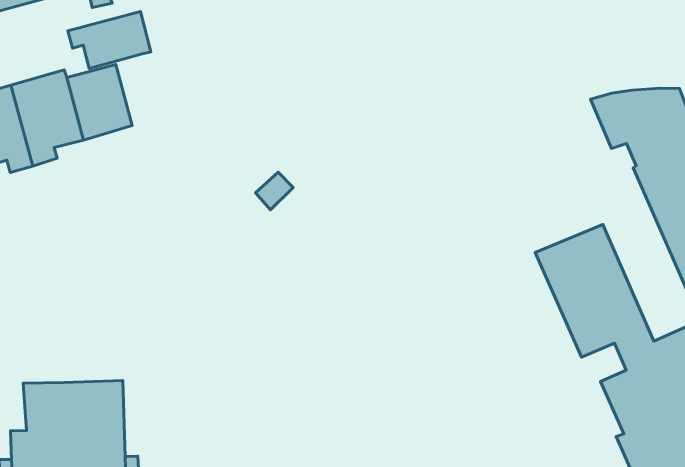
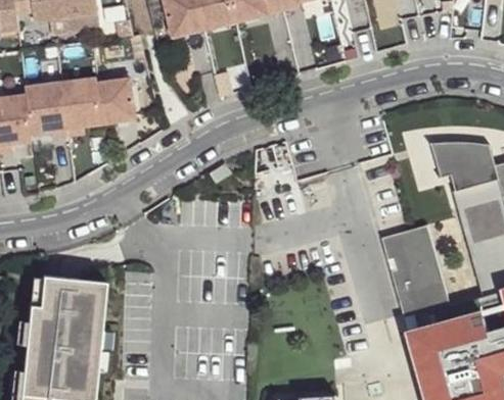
building: [68,11,151,68] -> none

